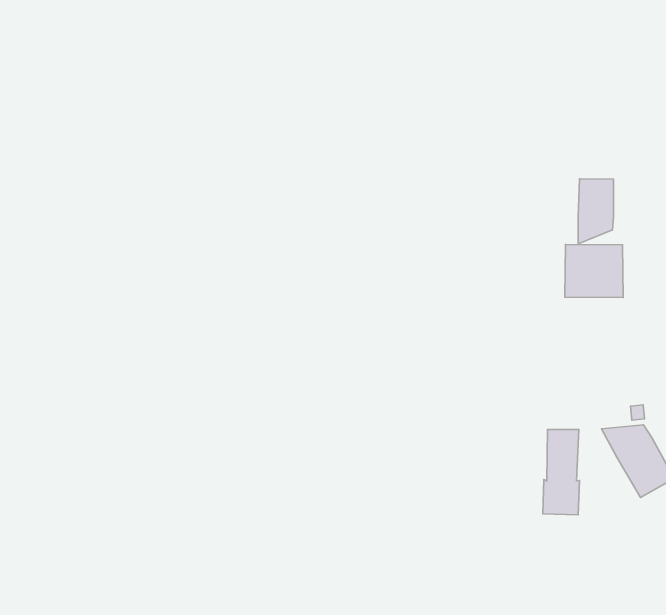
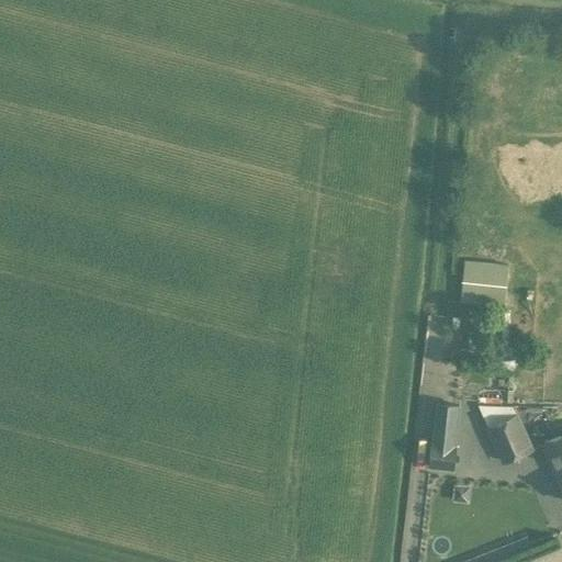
building: [578,179,614,244] -> none

